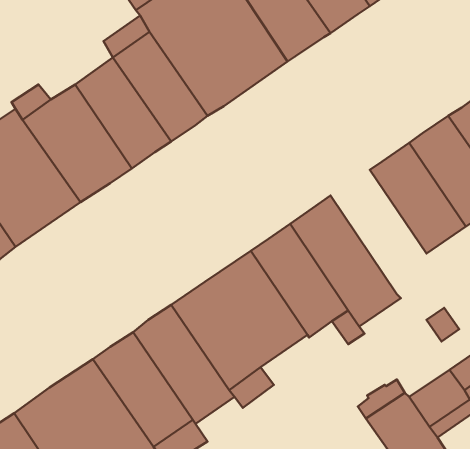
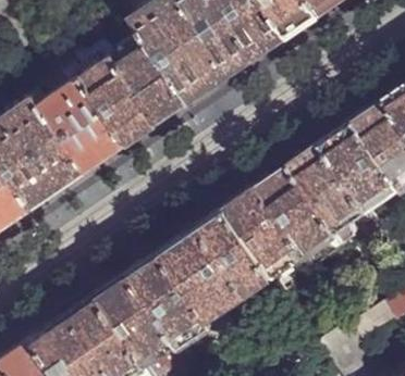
building: none -> [292,140,378,240]

